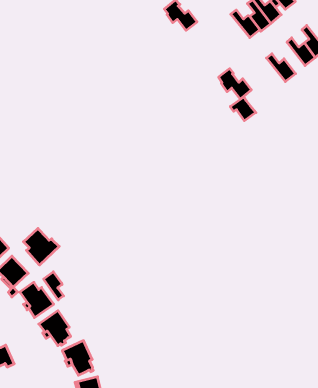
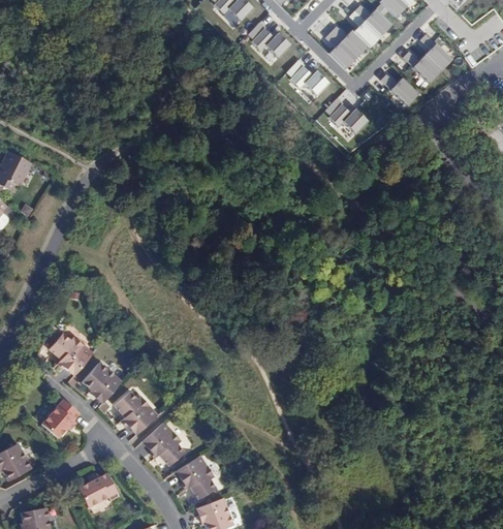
building: none -> [324,31,356,68]
building: none -> [285,60,328,96]
building: [230,97,256,121] -> none
building: [23,228,59,265] -> none
building: [44,272,64,300] -> none

